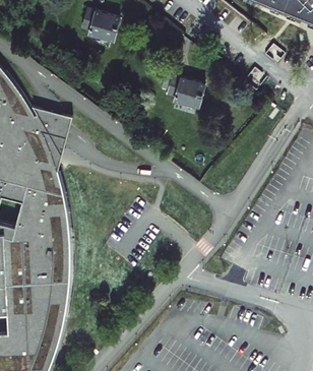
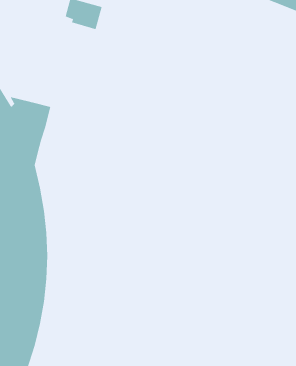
building: [167,77,204,108] -> none

